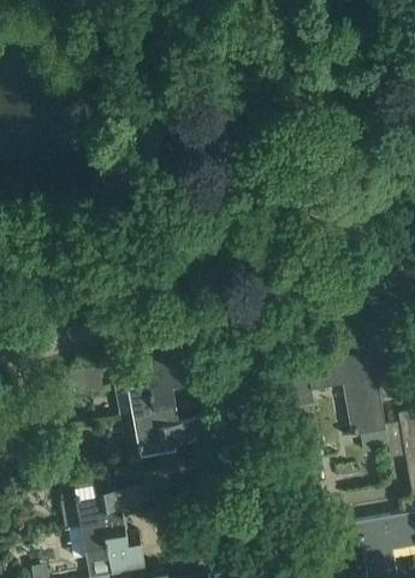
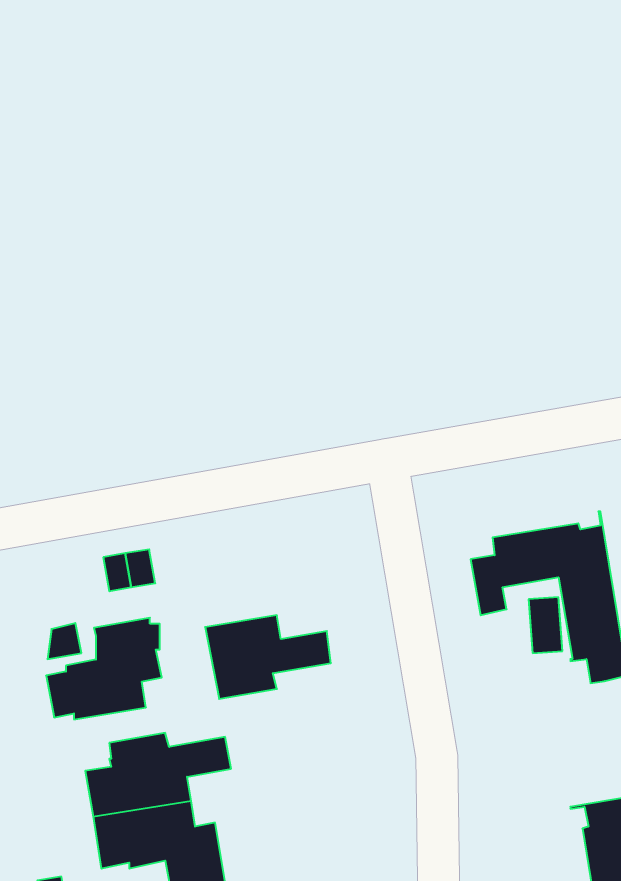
building: [117,354,186,415] -> [46,618,162,719]

